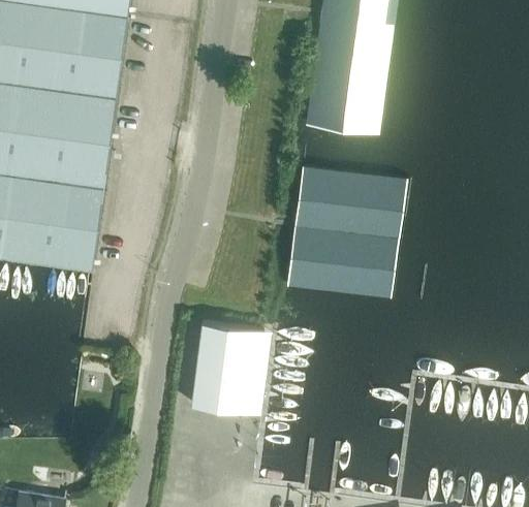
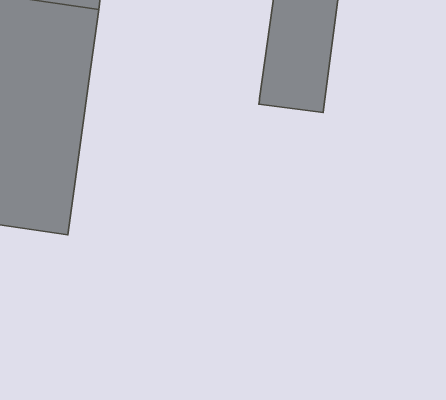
building: [286,167,408,297] -> none
building: [191,323,263,413] -> none

